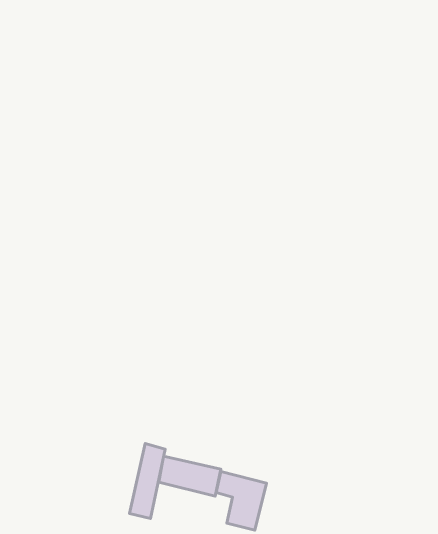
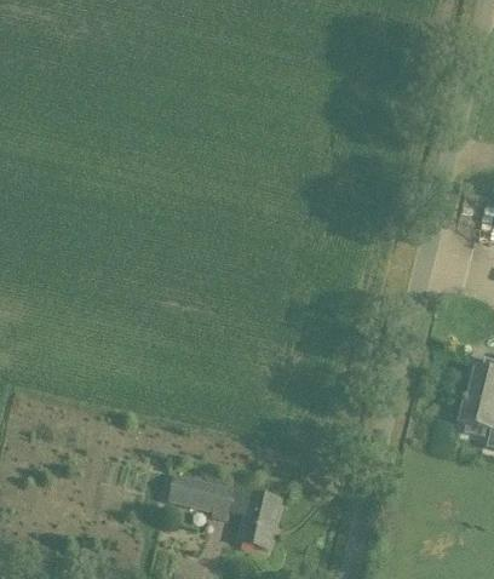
building: [129,444,165,519] -> none

